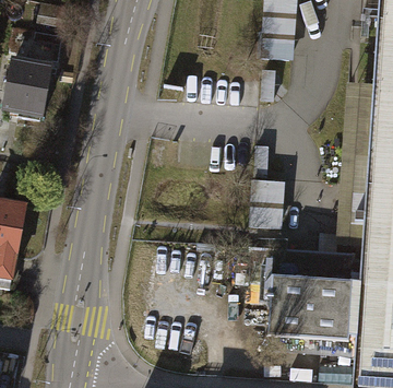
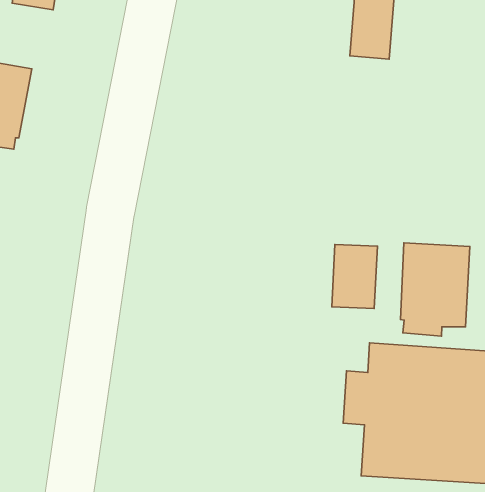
building: none -> [400,243,470,336]

